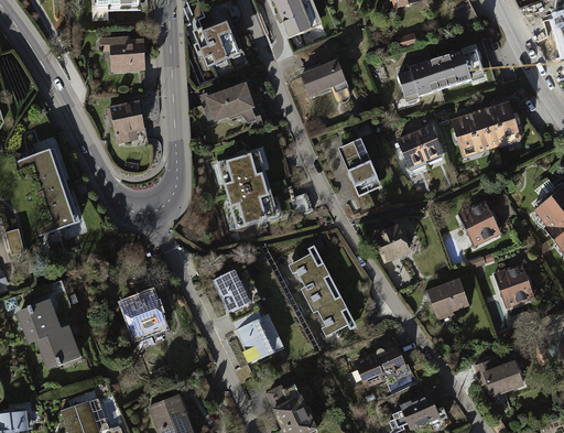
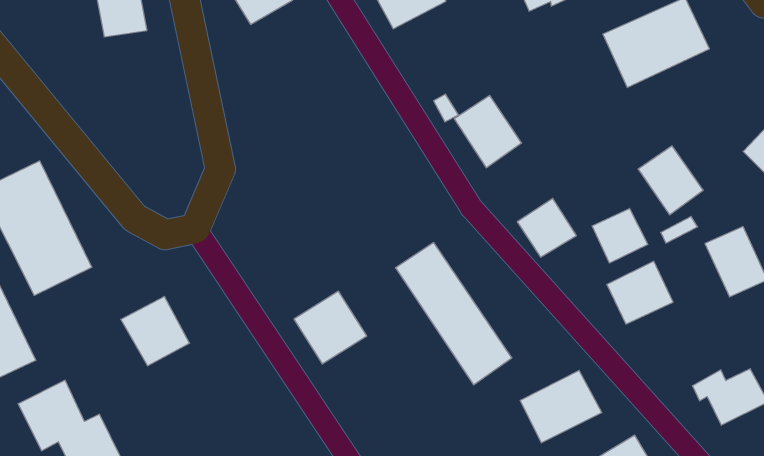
building: [206,84,253,120] -> none
building: [112,104,144,138] -> none
building: [397,125,444,169] -> none
building: [214,149,278,229] -> none
building: none -> [592,208,648,263]
building: [120,291,164,336] -> [121,296,190,366]
building: [235,313,282,362] -> none

